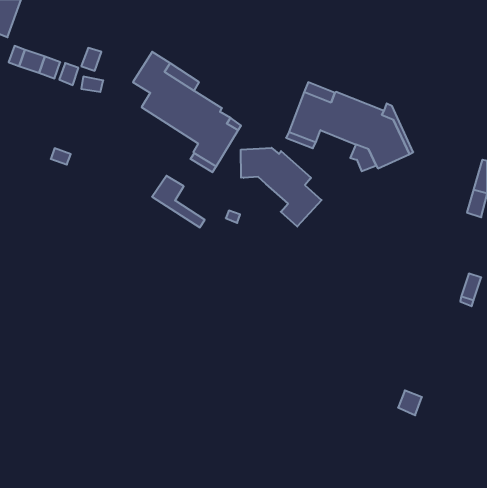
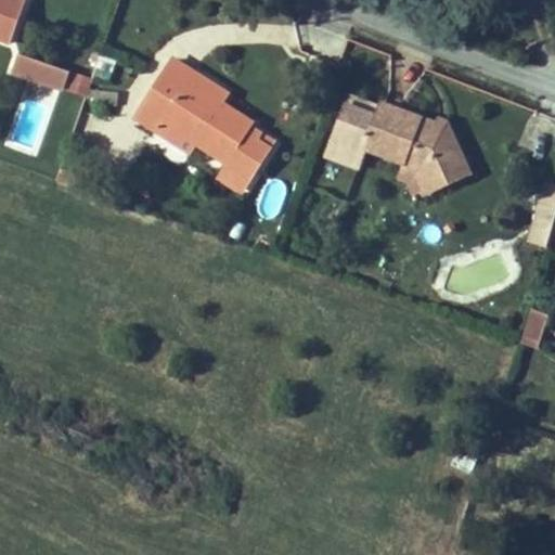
building: [241,148,322,227] -> none
building: [152,176,205,227] -> [134,93,194,152]

